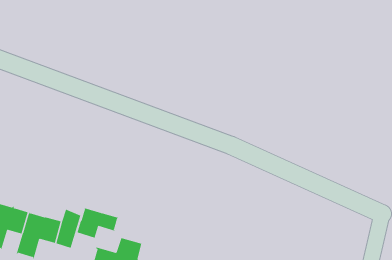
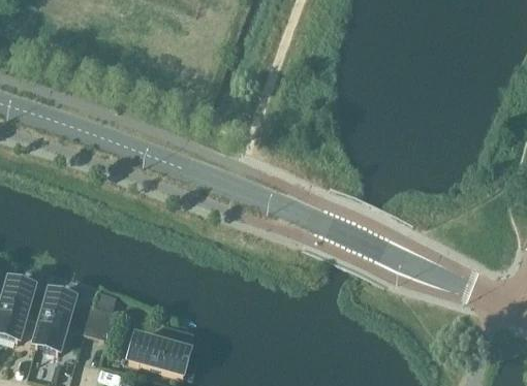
building: [77,207,119,239] -> none

